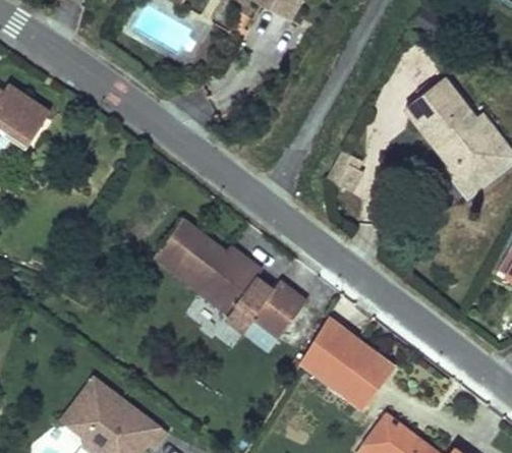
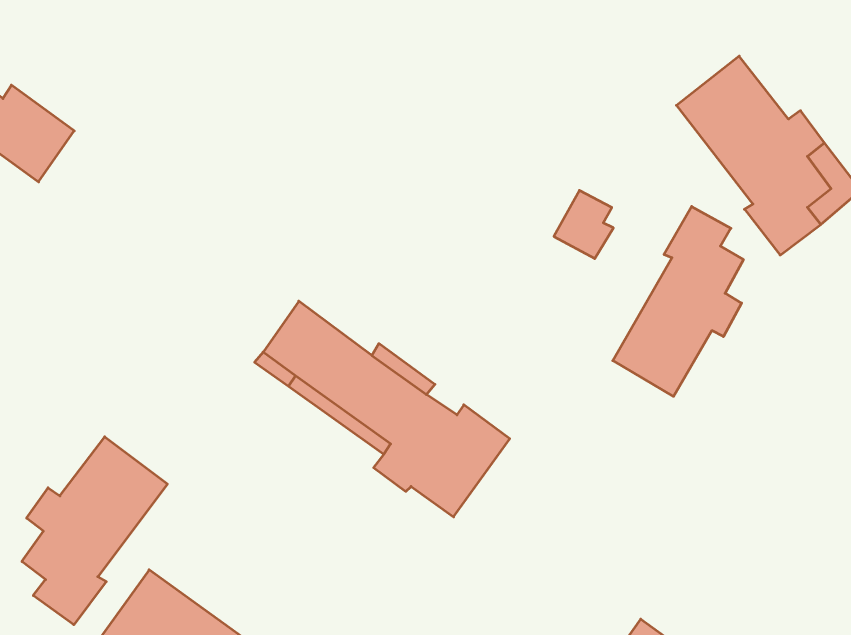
building: none -> [613,206,743,396]
building: none -> [22,437,167,625]
building: [300,317,397,409] -> none

